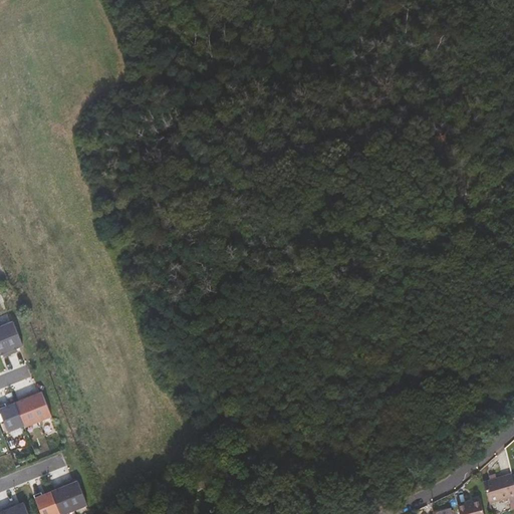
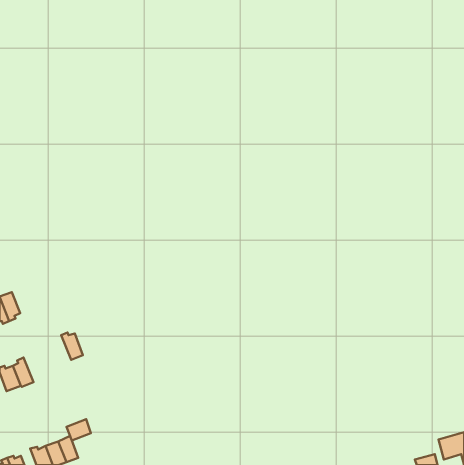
building: [26,392,50,422] -> [61,333,83,360]
building: none -> [67,419,91,440]

